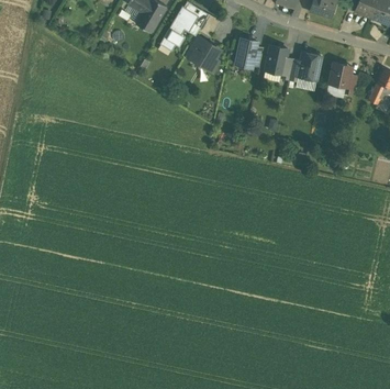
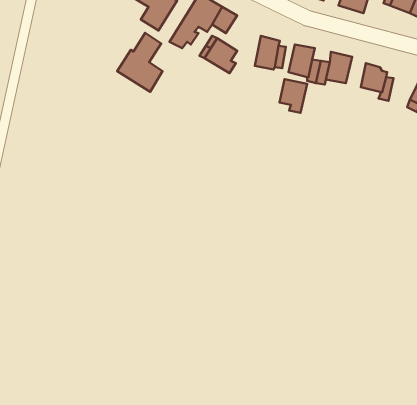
building: none -> [117,33,163,92]
building: none -> [279,79,307,113]

